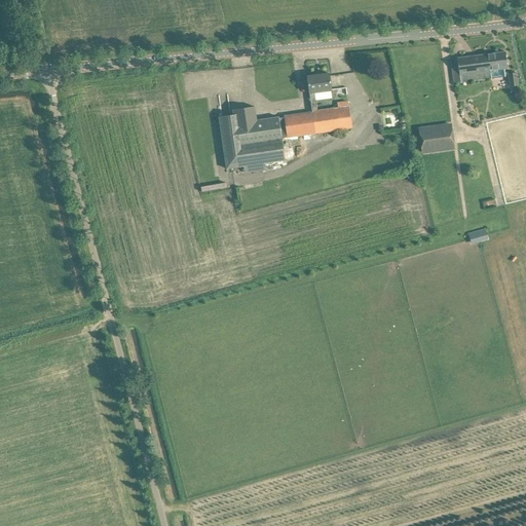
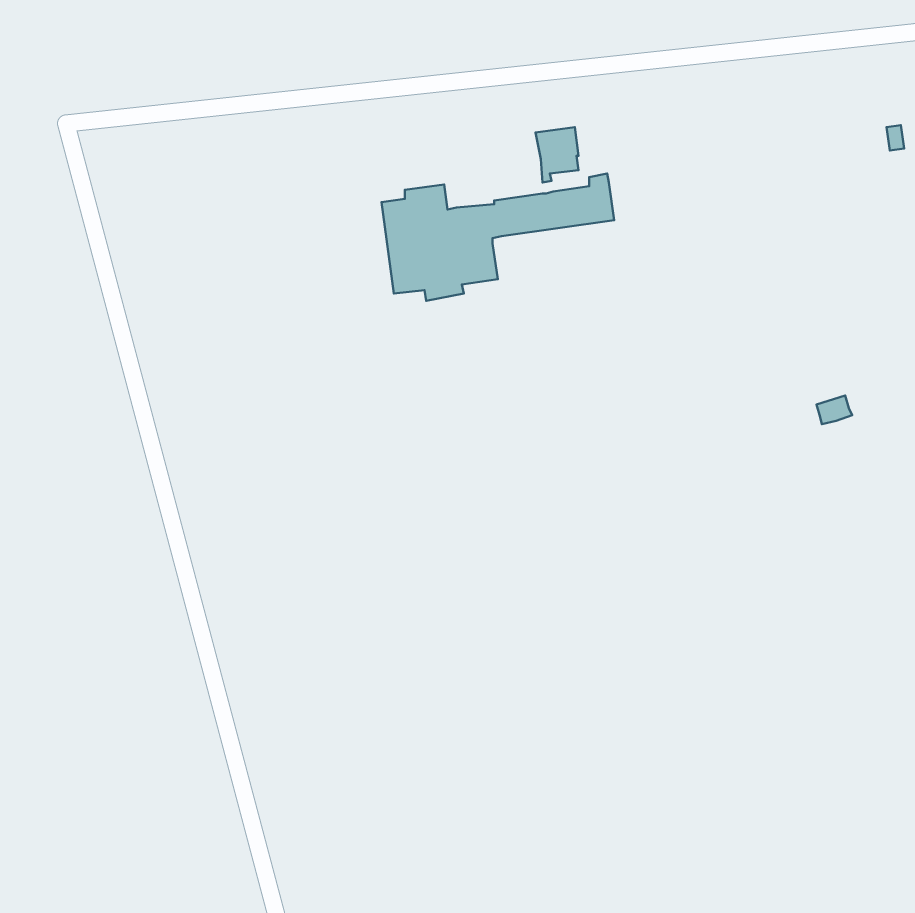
building: [451,50,508,82] -> none
building: [418,122,455,154] -> none

